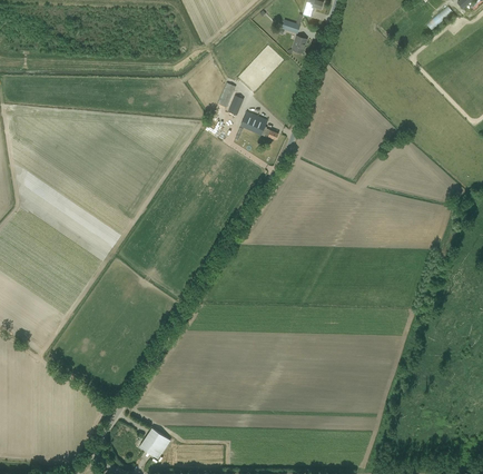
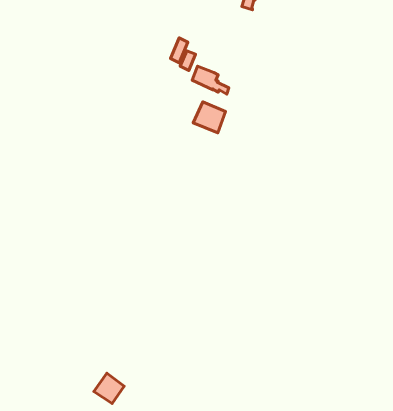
building: none -> [193,102,226,133]

